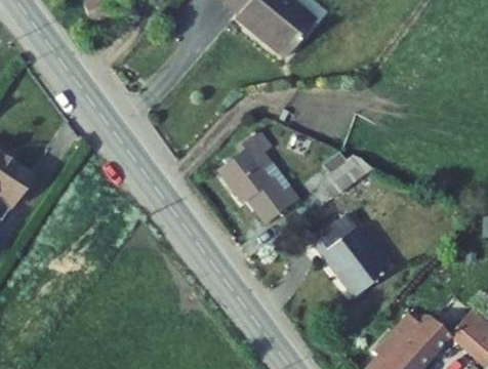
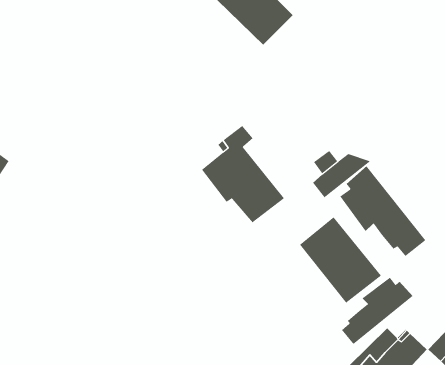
building: none -> [340,165,426,257]
building: none -> [341,277,413,345]

